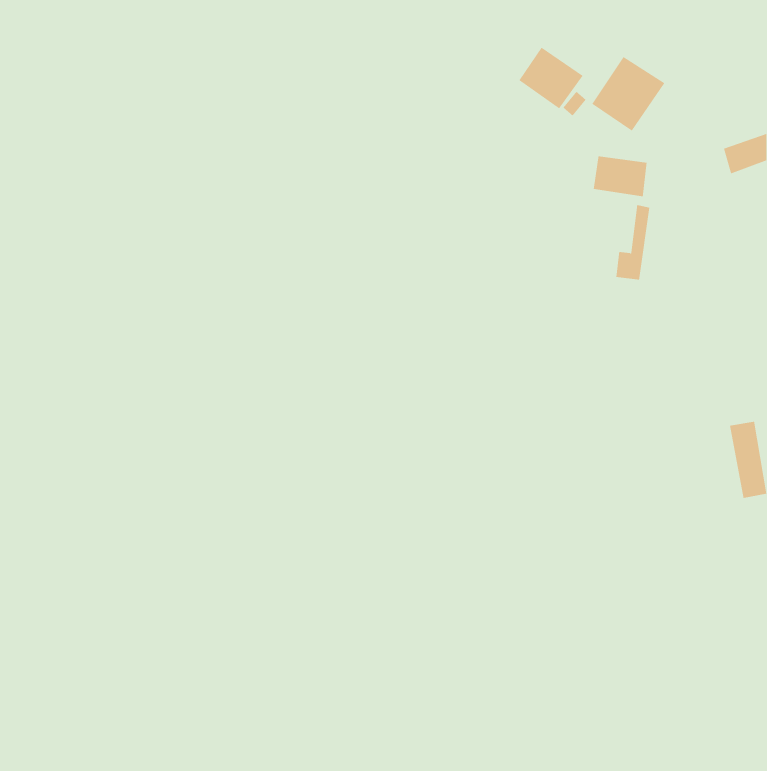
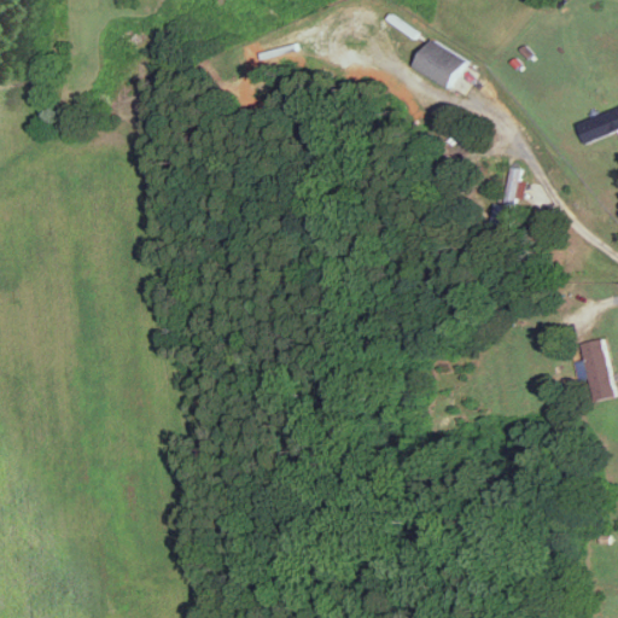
building: [592,56,665,131] -> none
building: [593,156,647,197] -> none

